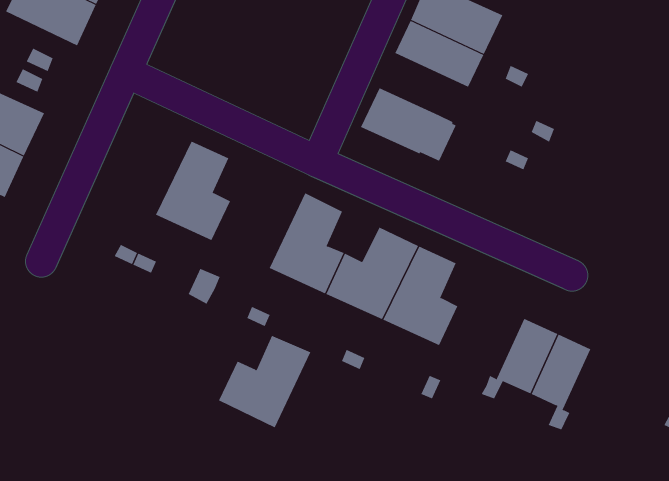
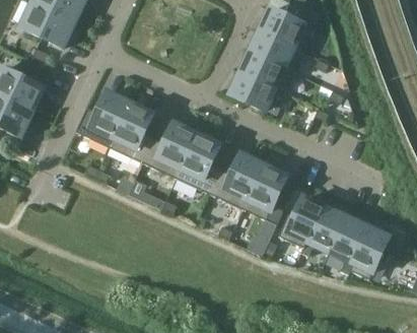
building: none -> [240,50,293,90]
building: none -> [75,90,130,145]
building: none -> [278,195,326,246]
building: [218,335,311,428] -> [142,122,197,177]
building: none -> [349,224,390,277]

